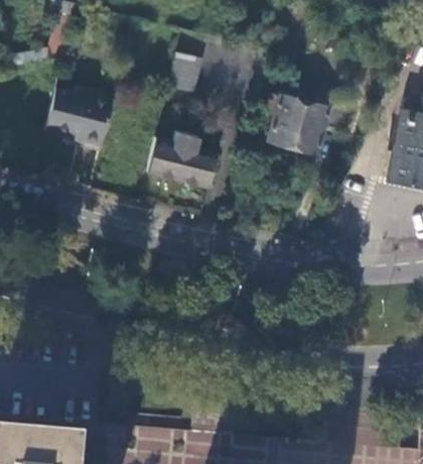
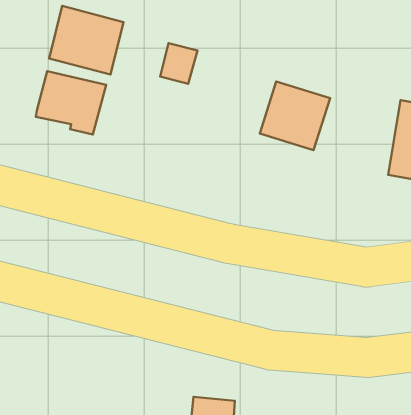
building: none -> [49,6,124,75]
building: [147,131,218,189] -> none

